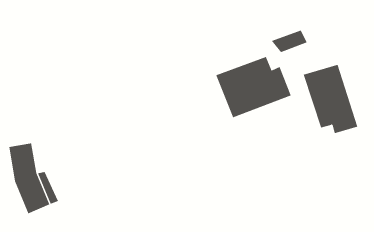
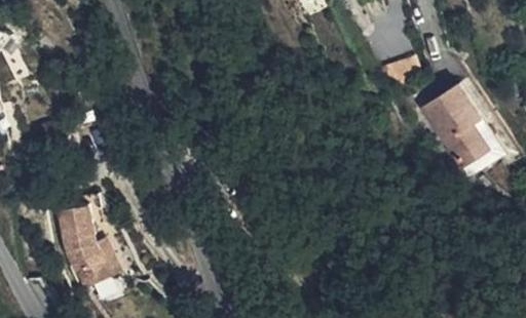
building: [215,56,292,118] -> none

